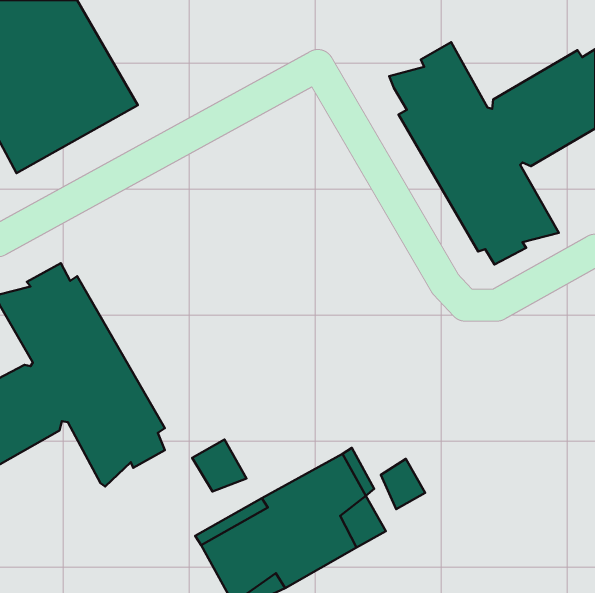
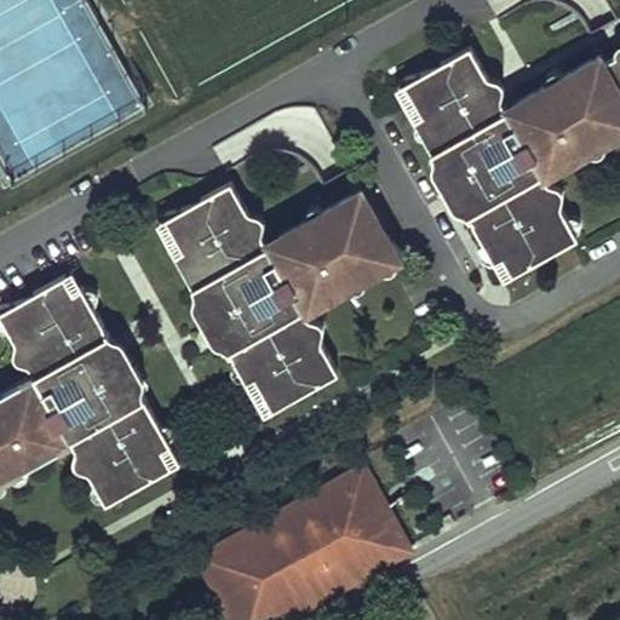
building: none -> [166,184,402,417]
building: [192,439,246,491] -> none
building: [381,459,425,509] -> none

